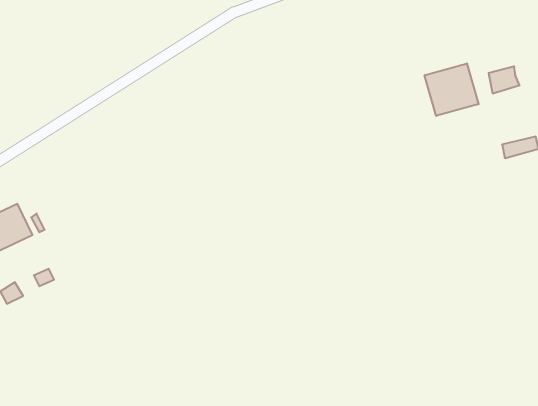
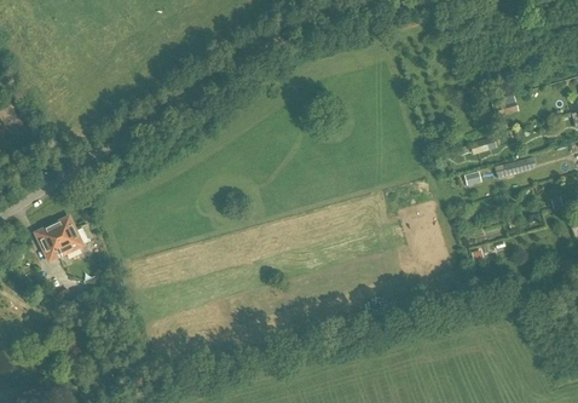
building: [425,63,479,116] -> none

